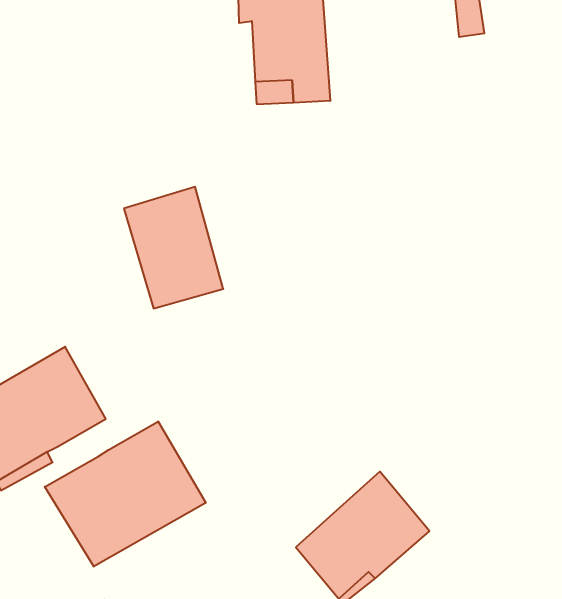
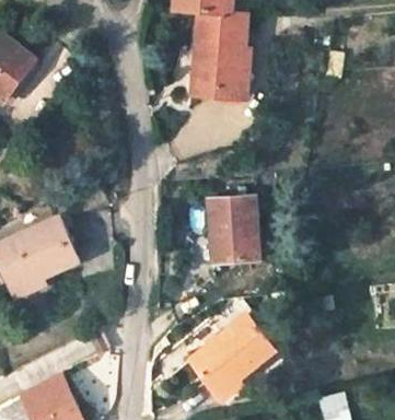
building: [124,187,223,308] -> [197,190,248,258]
building: [45,421,206,567] -> none

